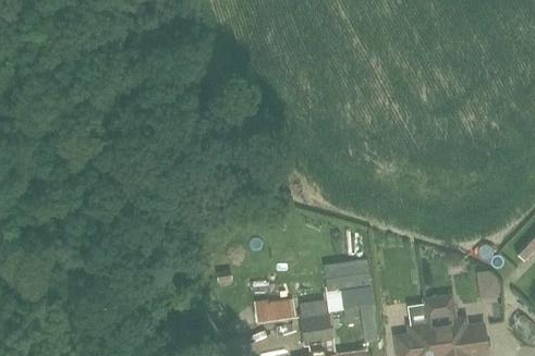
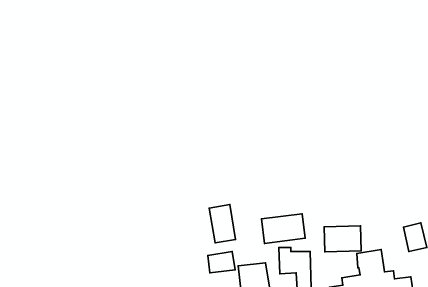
building: none -> [209,205,236,243]
building: none -> [324,226,361,252]

